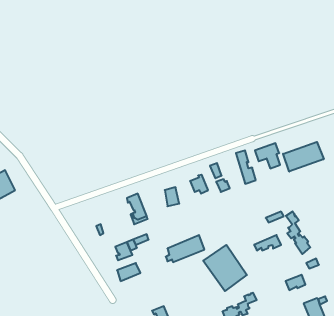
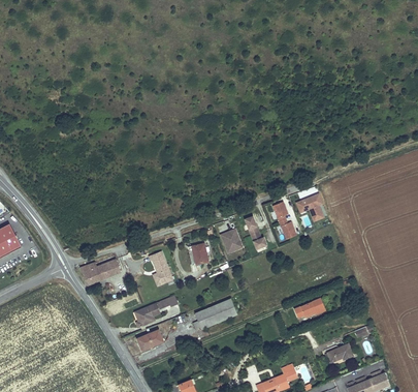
building: [283,142,324,172] -> none
building: none -> [79,259,121,285]
building: [286,211,310,254] -> none
building: [203,245,247,291] -> none

